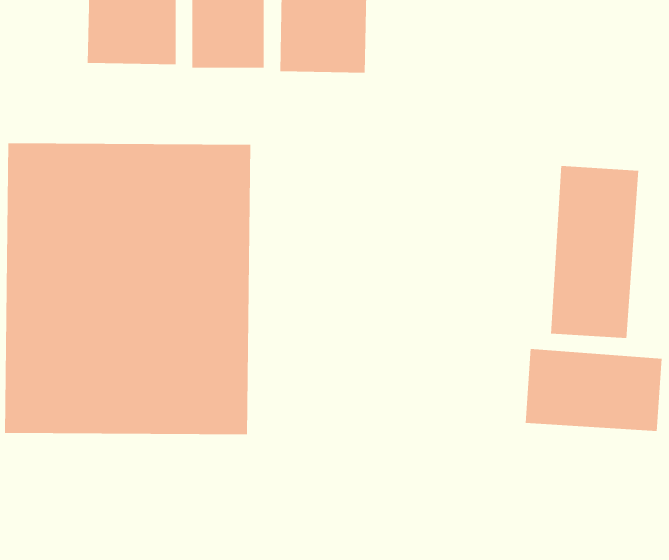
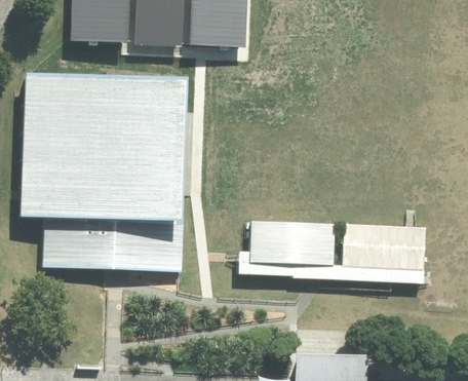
building: [551,165,639,339] -> none
building: none -> [249,222,338,264]

